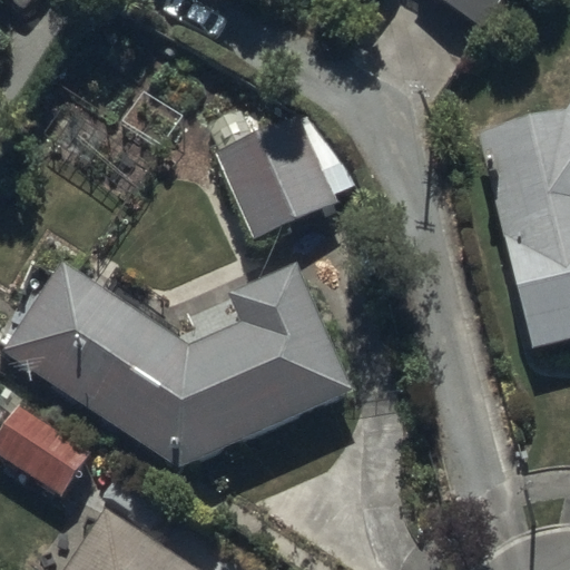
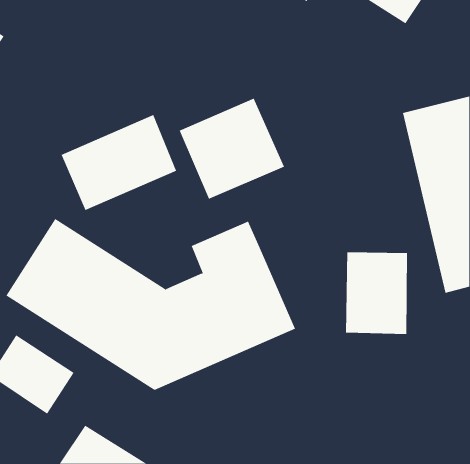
building: none -> [61,114,177,211]
building: none -> [345,252,408,335]

